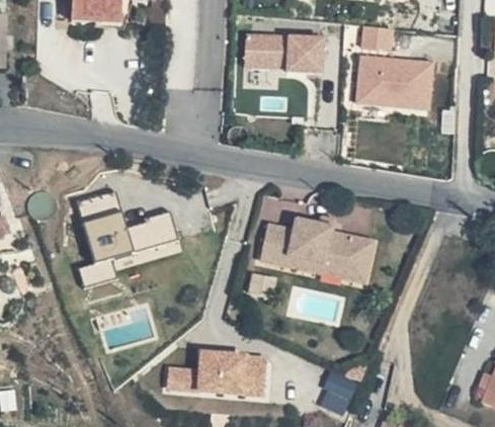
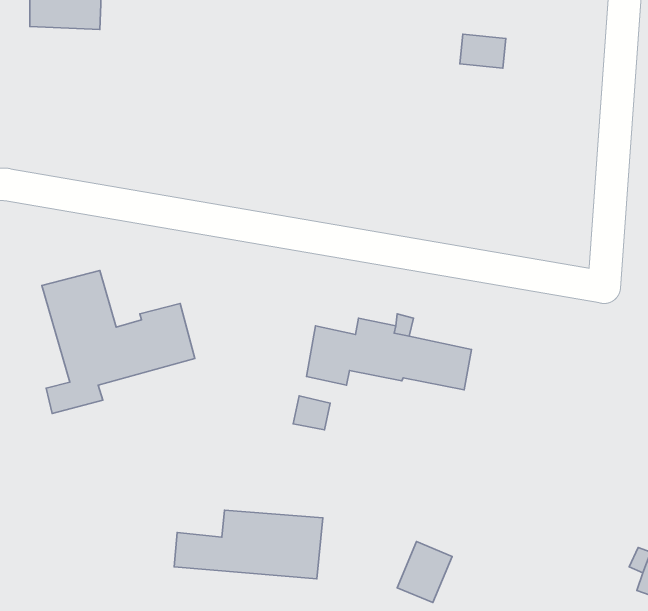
building: [244,32,324,69] -> none
building: [356,57,432,108] -> none
building: [284,241,378,282] -> none

